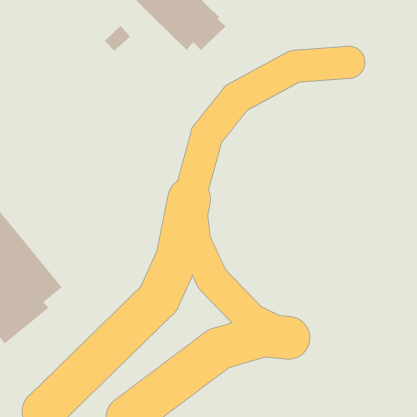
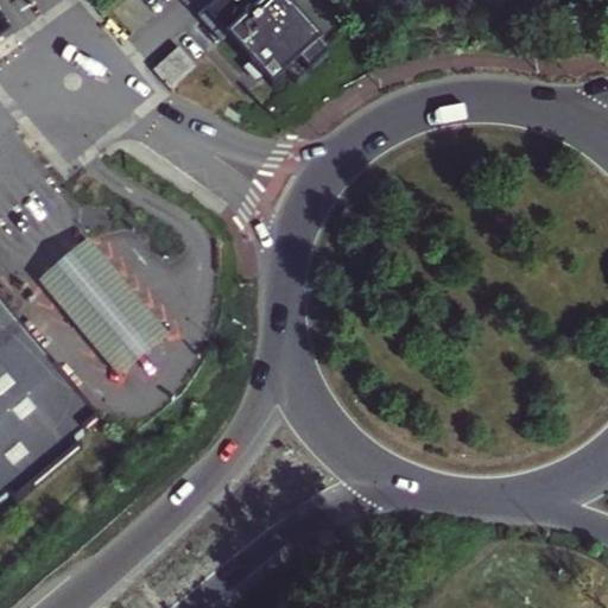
building: none -> [27,217,163,367]

